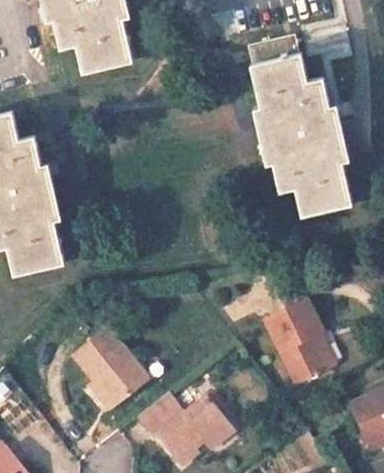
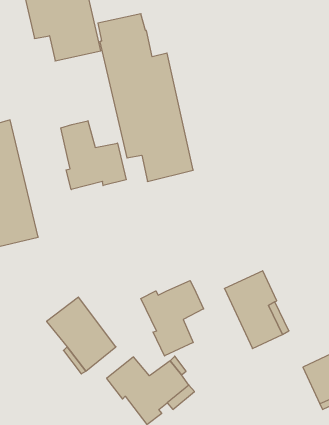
building: [248,35,351,216] -> [98,14,193,181]
building: none -> [61,121,126,190]
building: none -> [141,281,204,356]

